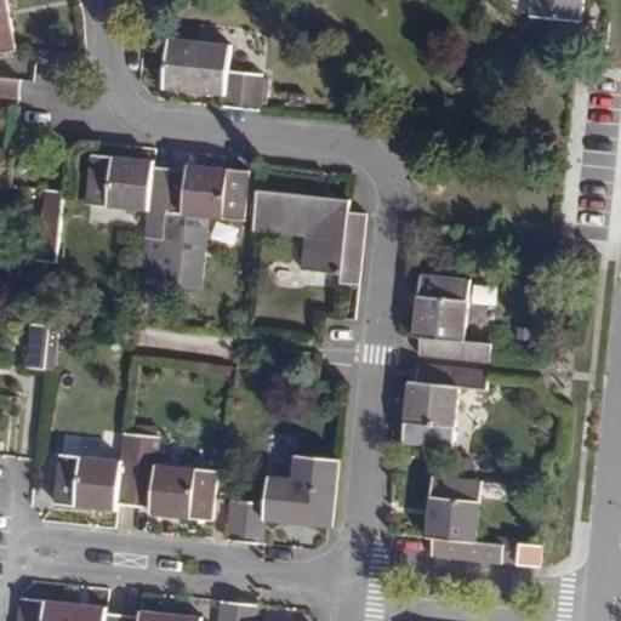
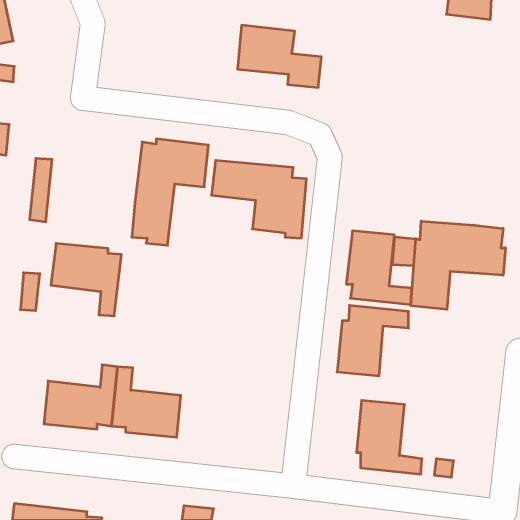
building: [165,36,264,110] -> [238,25,321,87]
building: [85,155,169,241] -> [51,243,121,316]
building: none -> [411,221,505,309]
building: [224,454,338,542] -> none

